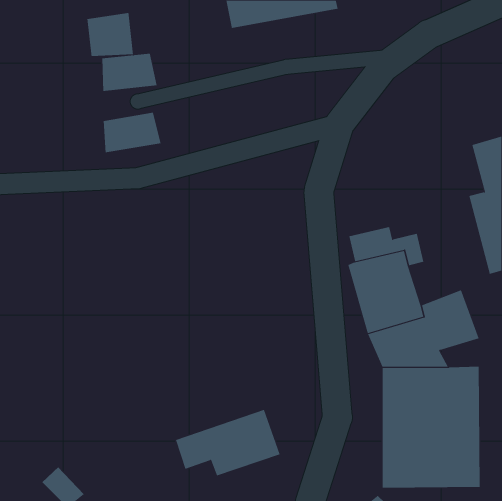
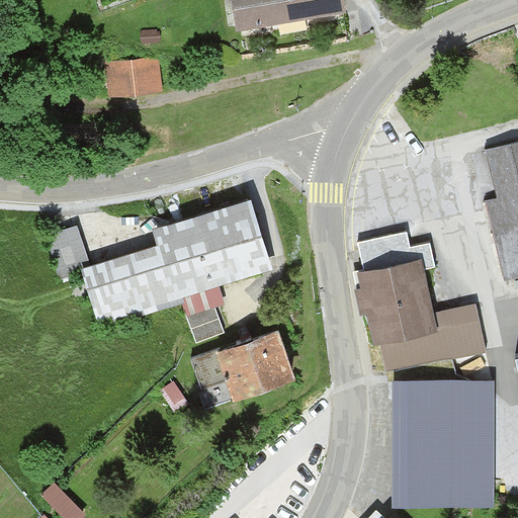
building: [87,12,133,57] -> none
building: [103,112,161,153] -> none
building: none -> [46,199,272,339]
building: [175,409,280,476] -> [189,330,297,399]

